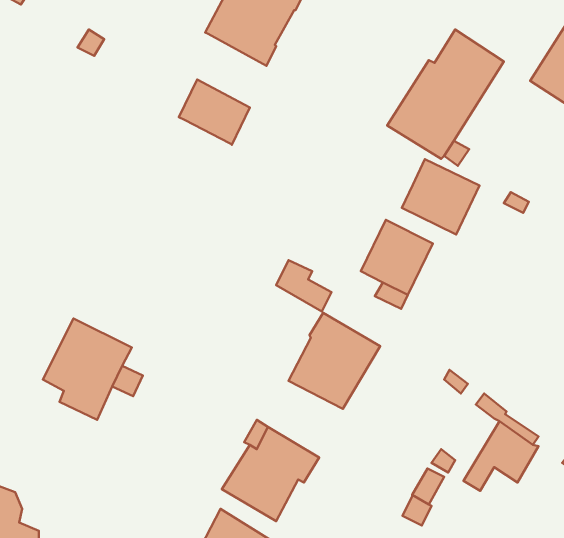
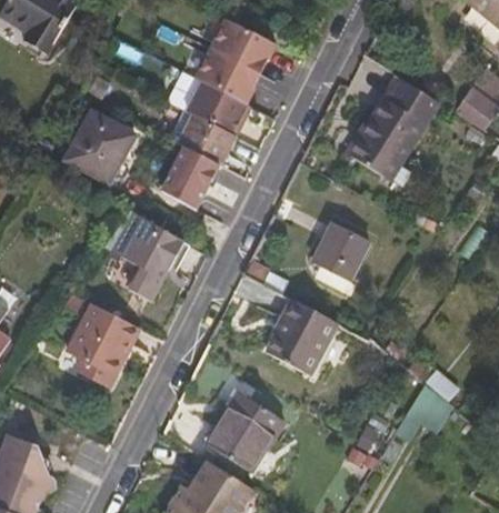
building: none -> [181,77,250,137]
building: none -> [57,123,129,198]
building: none -> [156,145,216,209]
building: [402,159,479,234] -> none
building: none -> [97,209,181,302]

